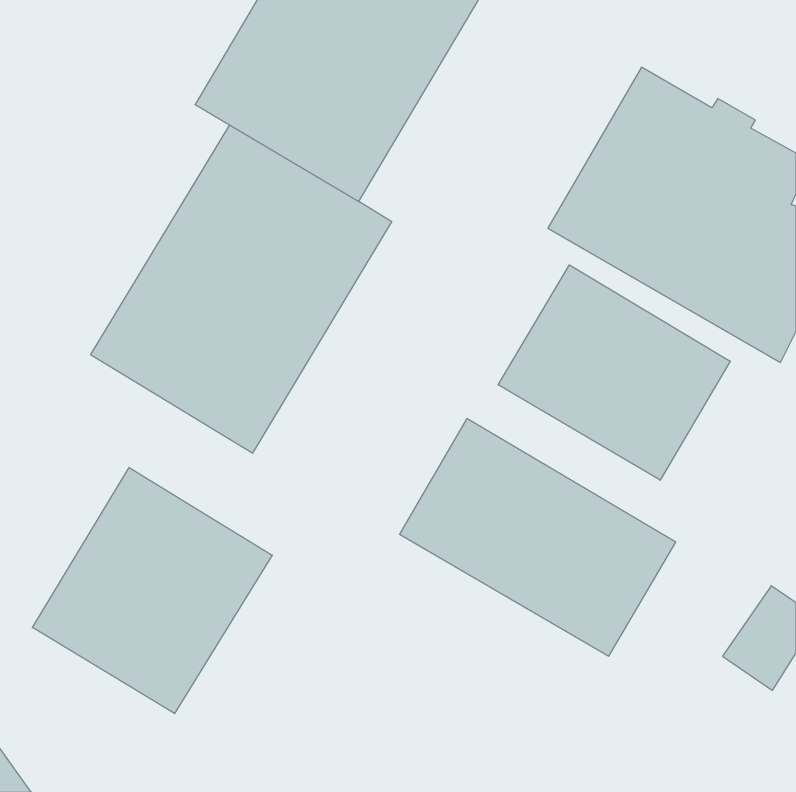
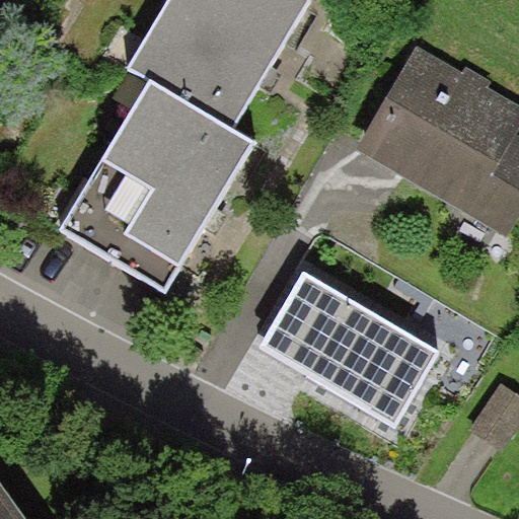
building: [498,265,730,480] -> none
building: [32,468,272,714] -> none

